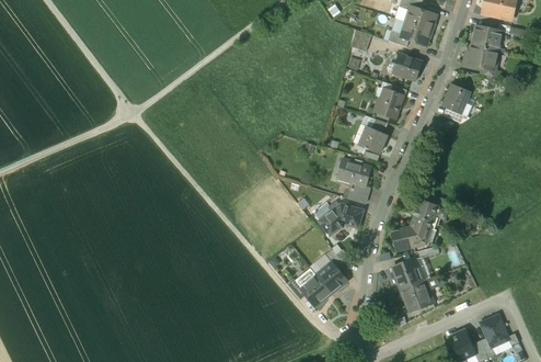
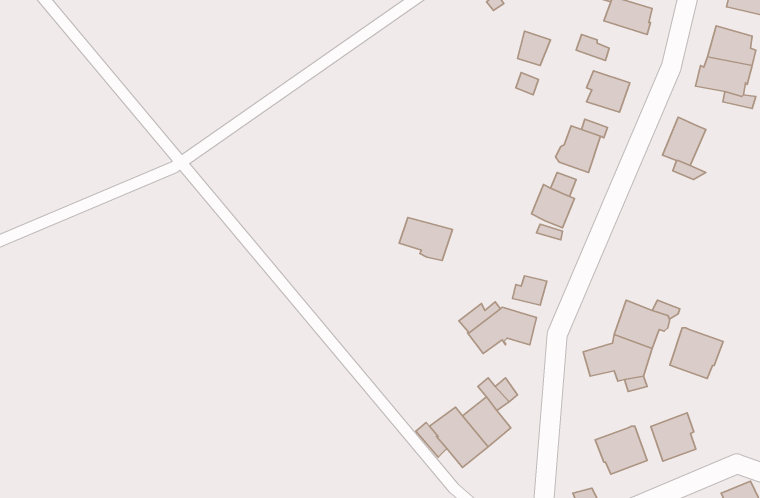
building: [401,22,433,45] -> none
building: [337,159,371,186] -> [399,217,453,261]
building: none -> [670,328,723,379]
building: [392,258,421,289] -> [651,413,696,461]

